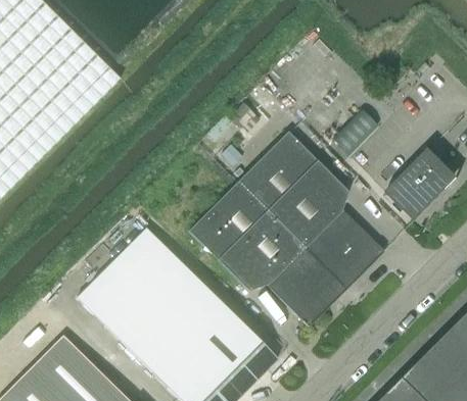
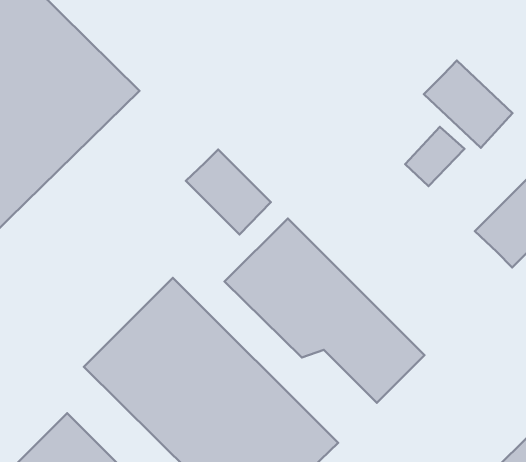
building: none -> [424,61,512,148]
building: none -> [186,150,271,235]
building: [237,131,383,289] -> none

